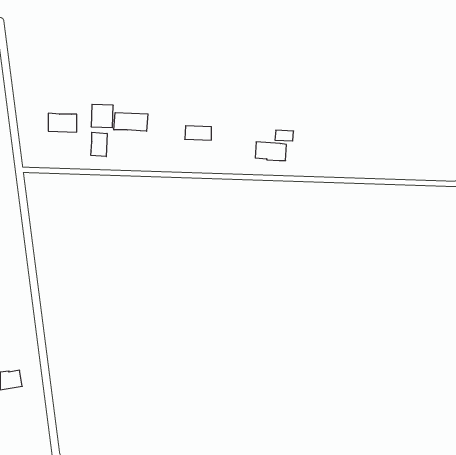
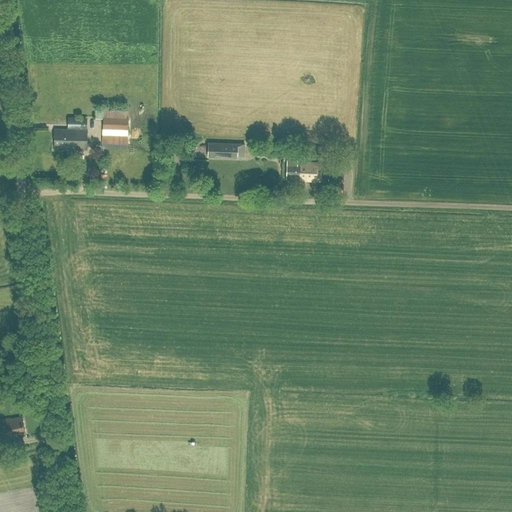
building: [114,113,148,131] -> none
building: [91,132,107,157] -> none

